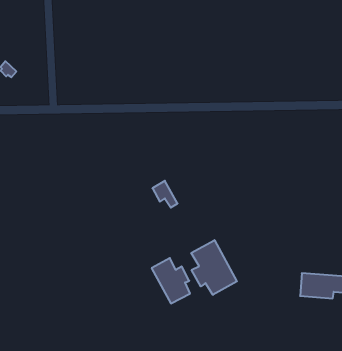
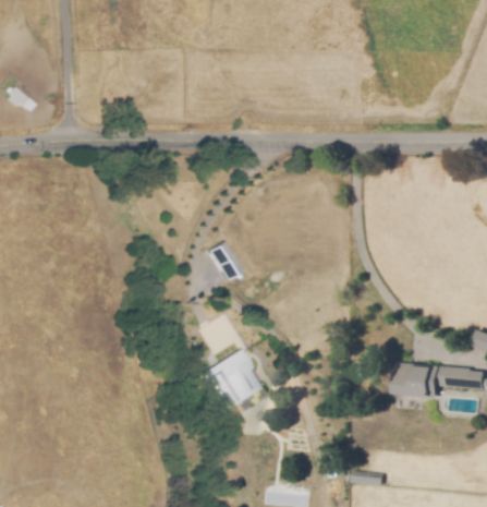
building: [191,240,237,295] -> none

